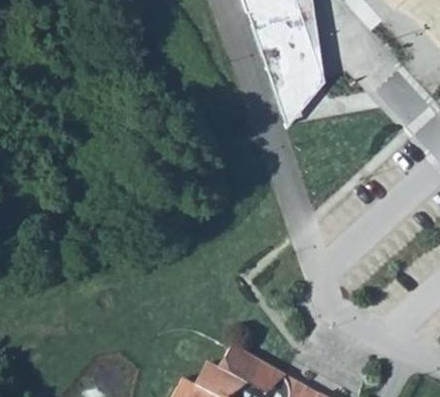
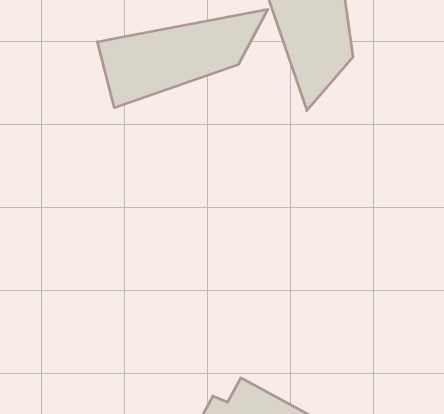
building: none -> [97,9,268,108]

